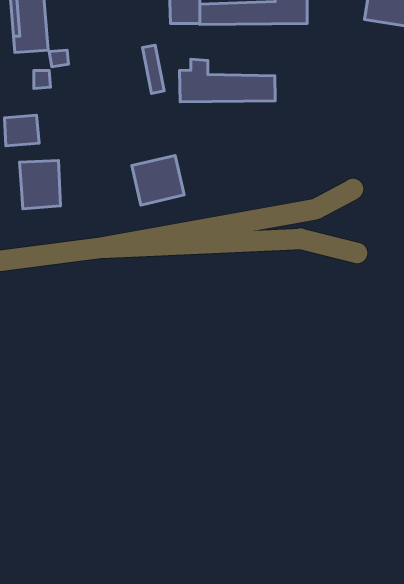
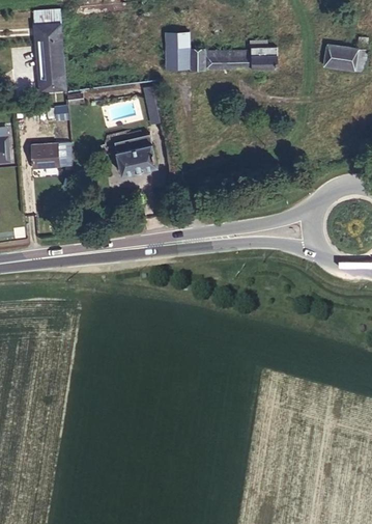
building: [180,59,275,102] -> none
building: [132,155,184,205] -> [114,133,156,173]
building: [19,160,60,209] -> none

